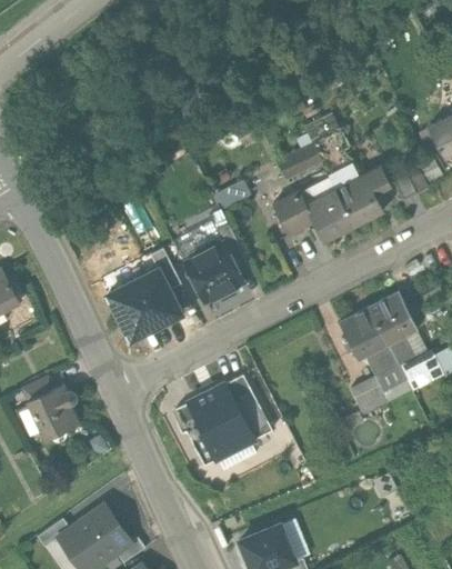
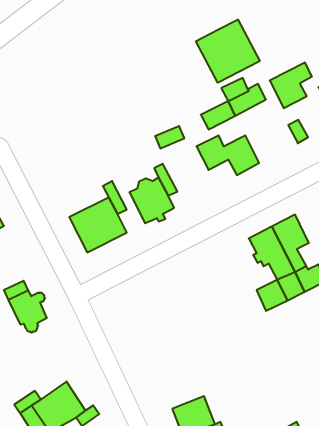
building: none -> [196,20,260,83]
building: [334,164,389,223] -> [270,63,312,108]
building: [174,373,272,466] -> none

